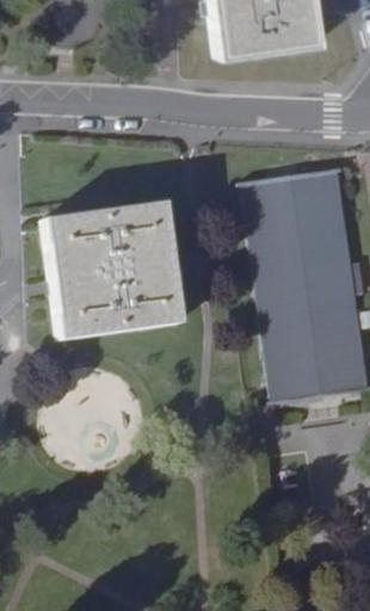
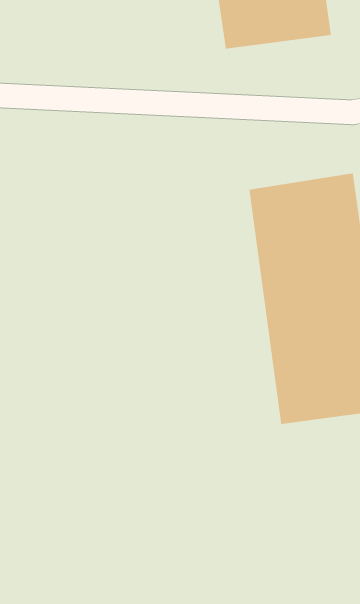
building: [48,203,179,338] -> none

